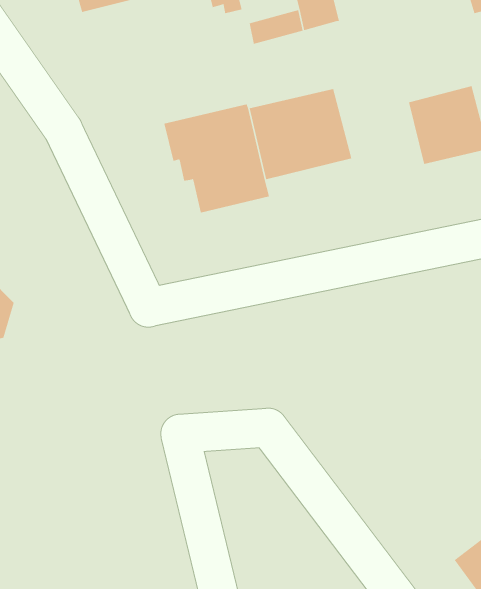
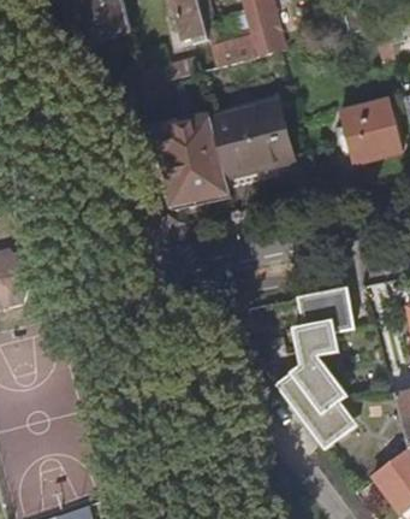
building: none -> [277,288,358,452]

